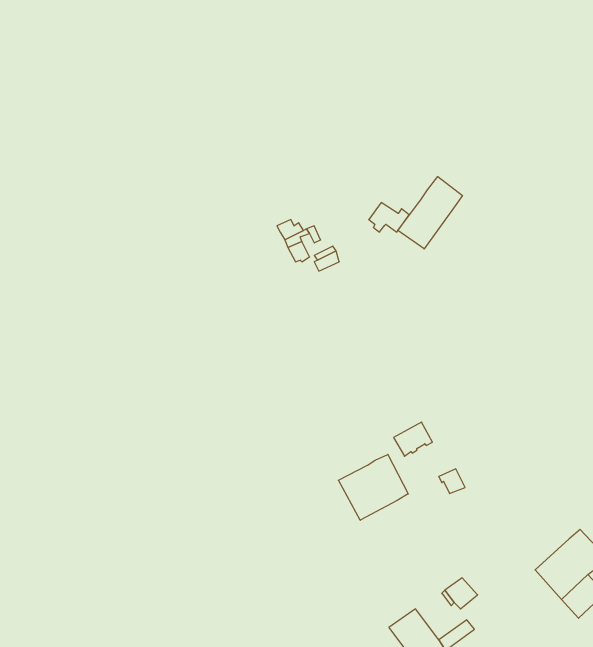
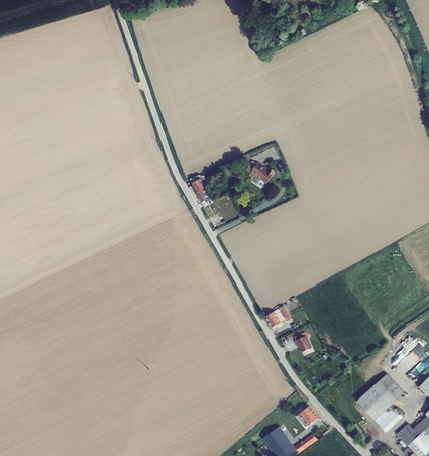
building: [398,177,462,249] -> none
building: [338,454,408,520] -> none

